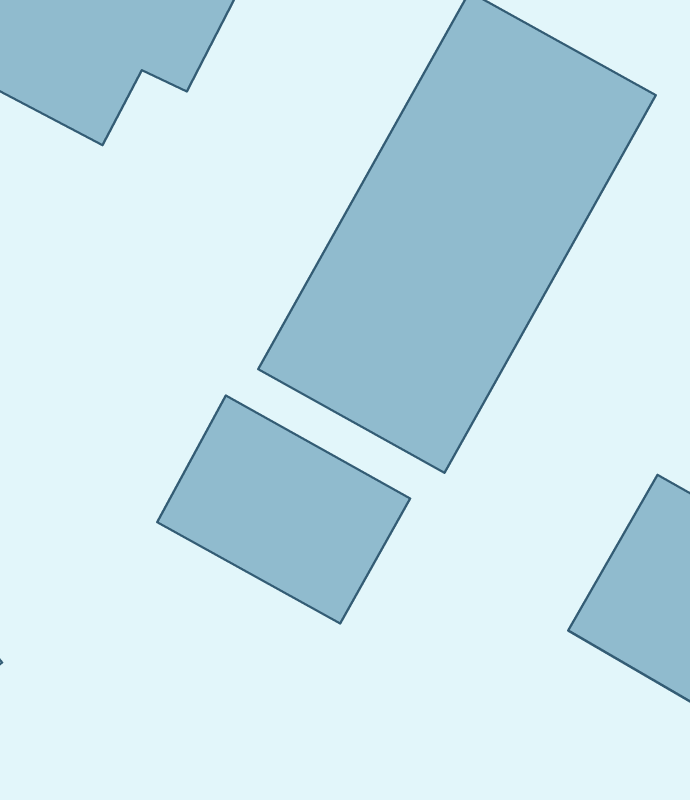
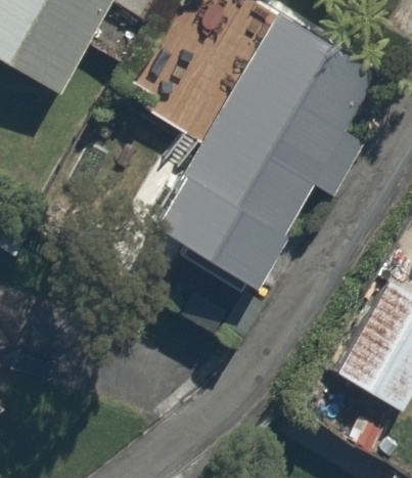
building: [157,395,410,624] -> none

